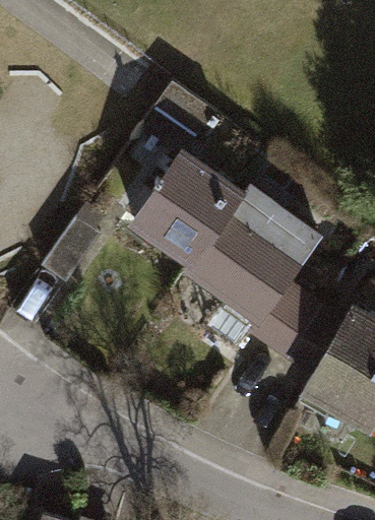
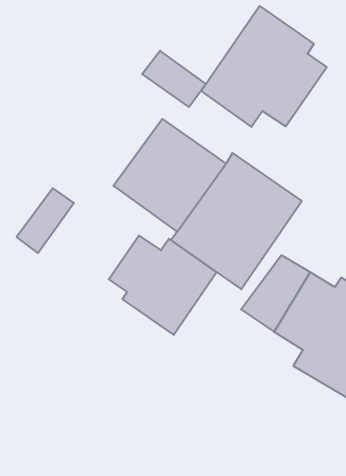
building: none -> [201,6,327,127]
building: none -> [109,236,217,335]

